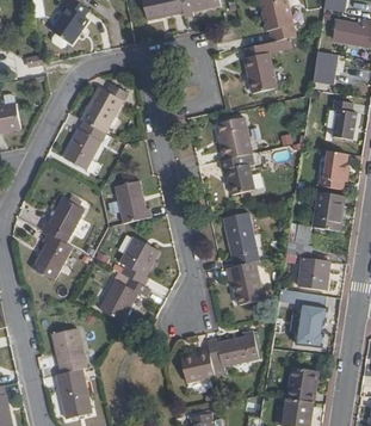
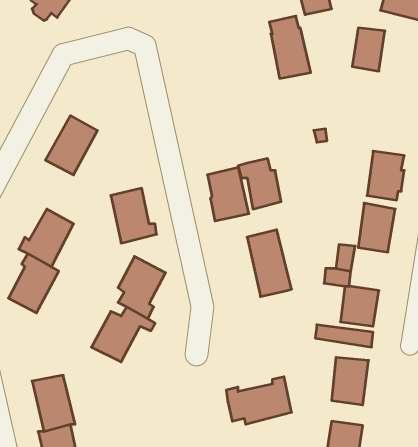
building: [80,84,128,134] -> none
building: [333,99,357,140] -> none
building: [218,117,252,160] -> [207,168,249,221]
building: [224,263,265,305] -> none
building: [181,352,215,383] -> none

